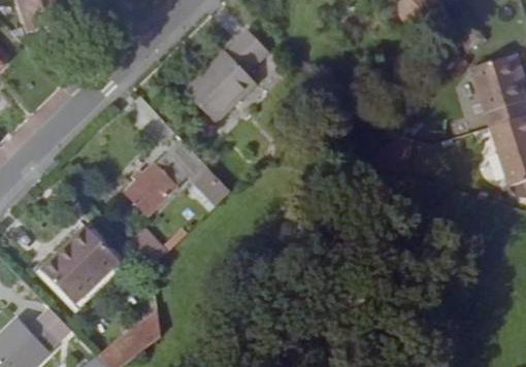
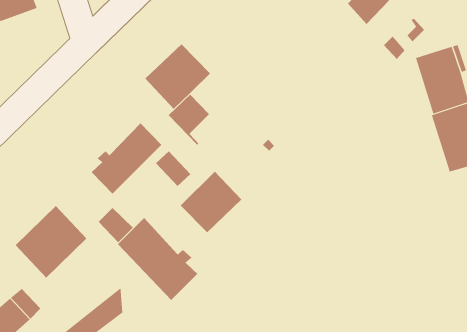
building: [222,31,266,86] -> [168,94,210,145]
building: none -> [180,171,242,233]
building: none -> [117,217,198,301]

